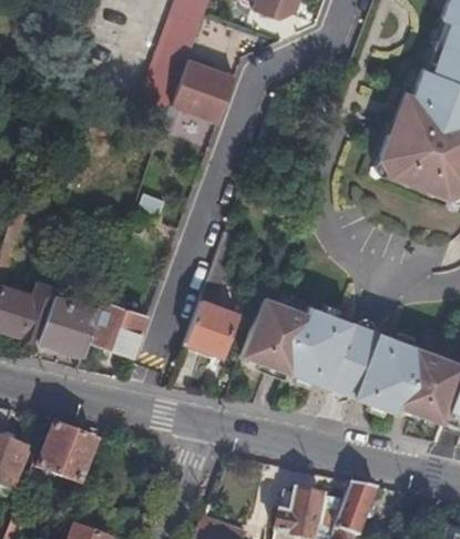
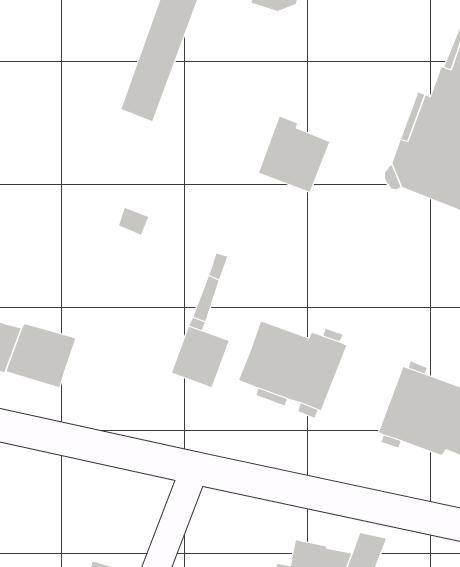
building: [171,54,235,123] -> [258,116,330,193]
building: [88,304,145,356] -> none
building: [317,318,390,396] -> none
building: [35,428,95,488] -> none

